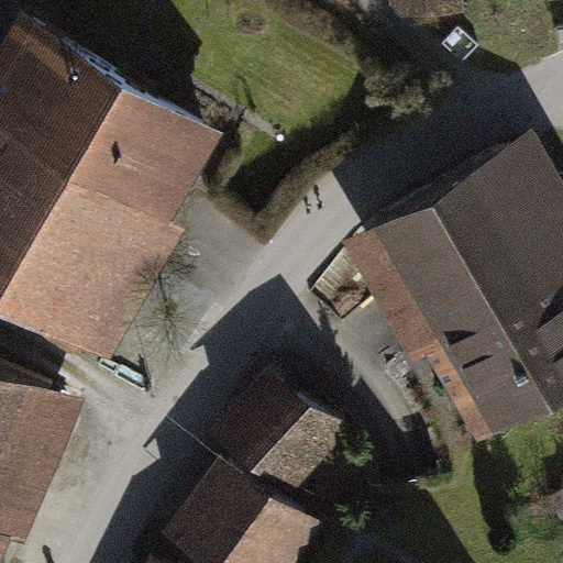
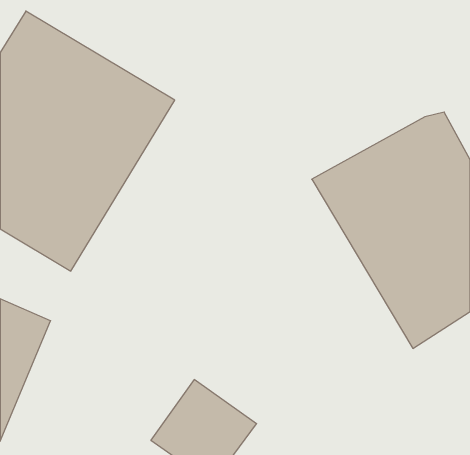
building: [230,388,340,496] -> none

